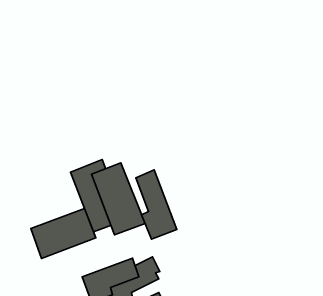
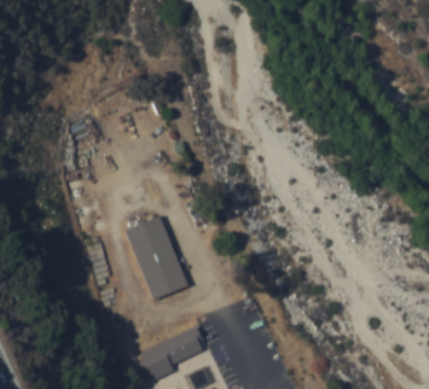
building: [136,170,177,239] -> none
building: [31,209,96,258] -> none

